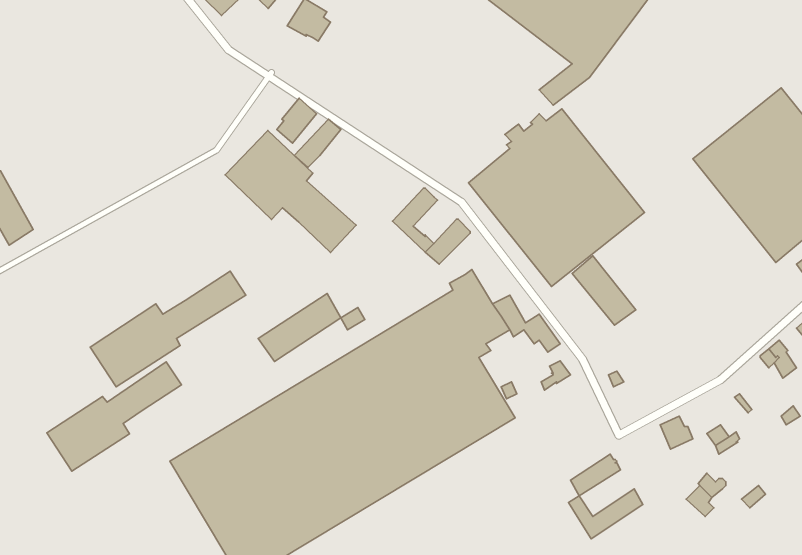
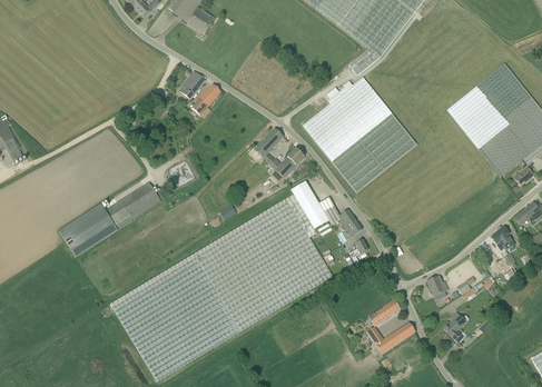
building: [225,130,356,252] -> none
building: [572,256,636,325] -> none
building: [258,294,341,362] -> none
building: [47,362,181,471] -> none

